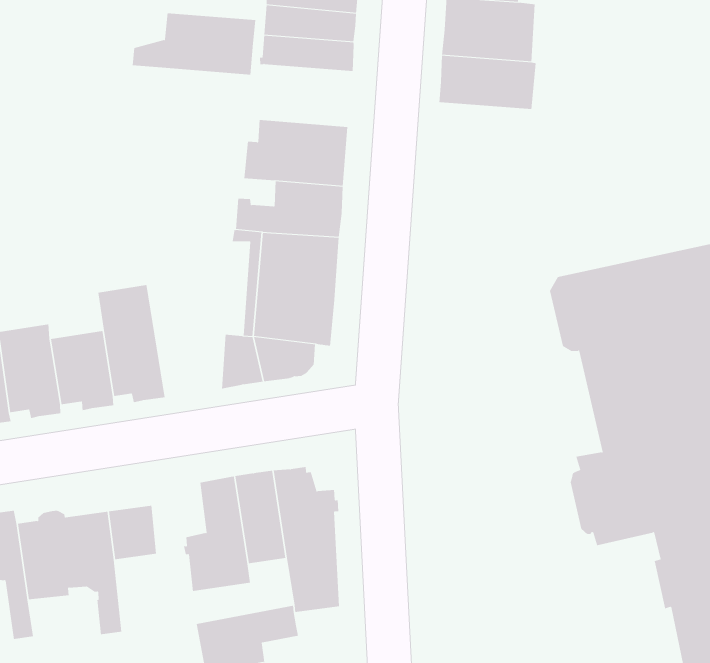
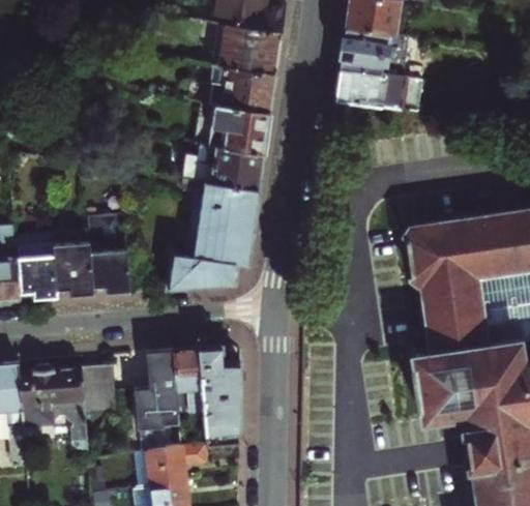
building: [132,13,256,75] -> [187,64,276,112]

